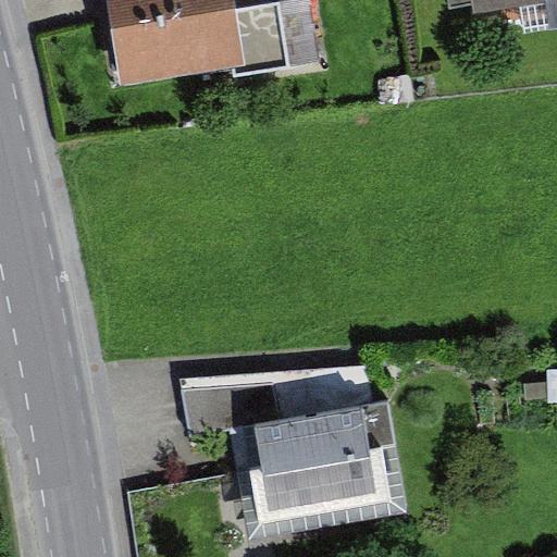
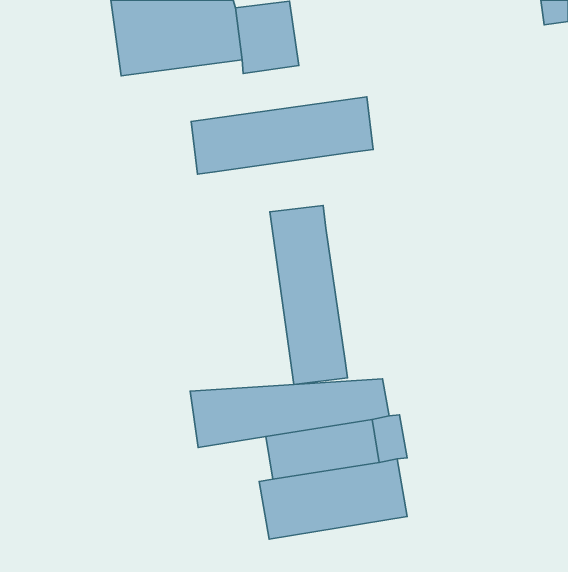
building: none -> [191,97,373,174]
building: none -> [270,205,347,384]

